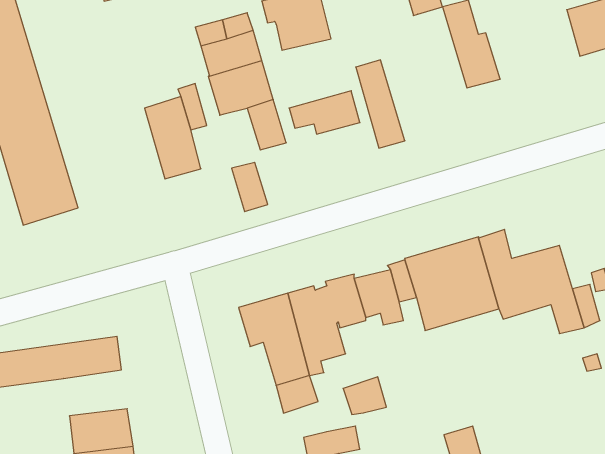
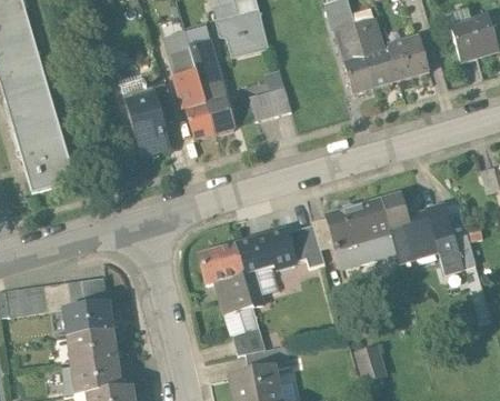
building: none -> [388,34,429,79]
building: [356,60,405,148] -> [336,23,373,91]
building: [232,162,268,212] -> [187,101,214,139]
building: none -> [63,302,112,338]
building: [343,377,386,414] -> [232,327,266,355]

